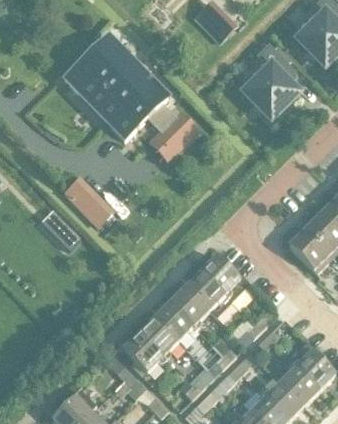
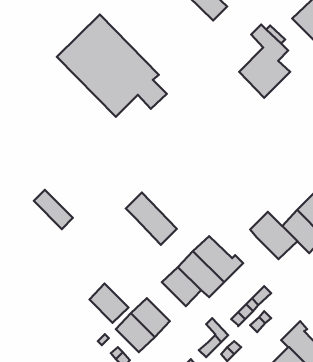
building: [150,109,198,157] -> none
building: [63,175,114,227] -> [126,193,177,245]
building: none -> [250,212,297,259]
building: [154,302,193,341] -> [89,284,129,323]

